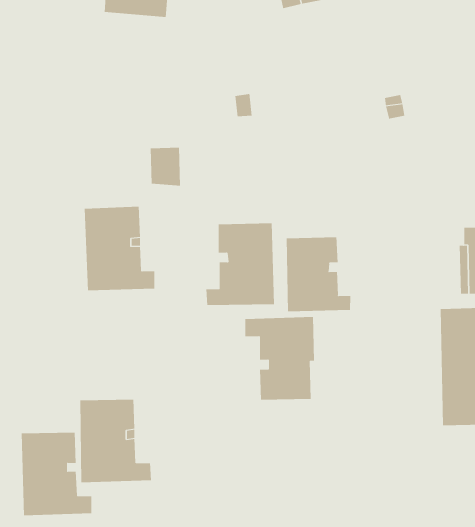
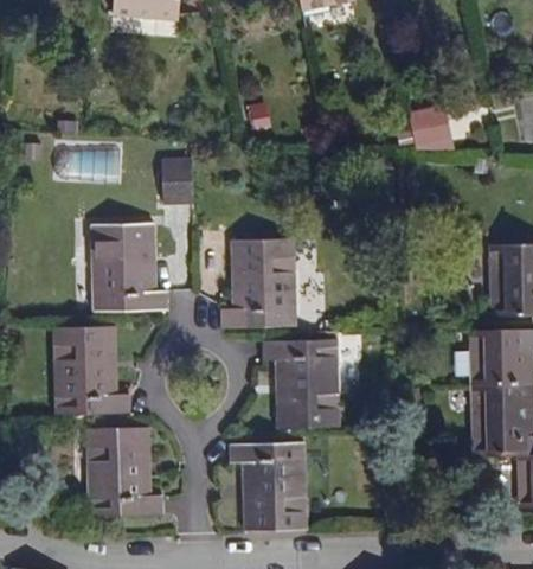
building: [286,236,351,312] -> none
building: none -> [230,442,306,532]
building: [21,432,92,516] -> [54,326,130,415]

